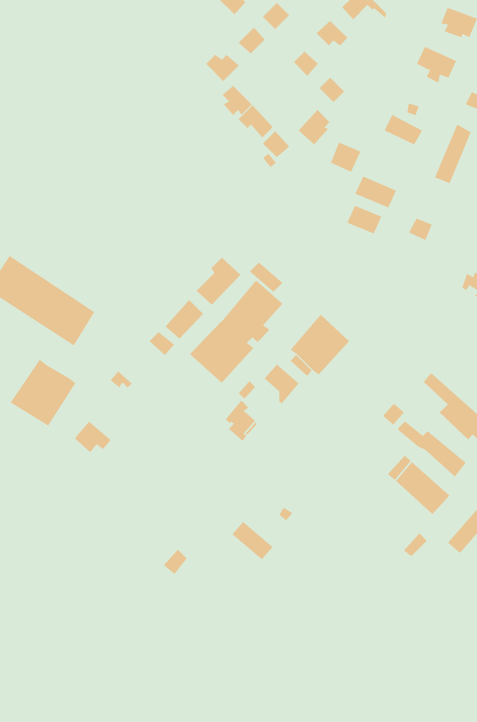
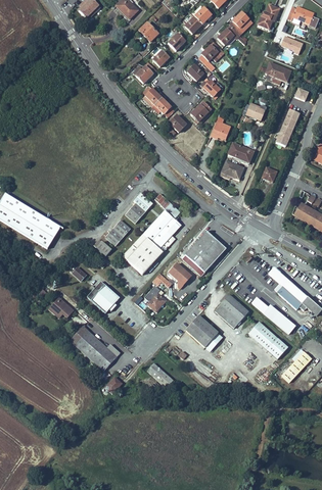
building: [10,359,76,426] -> none
building: none -> [87,280,119,311]
building: none -> [212,292,245,325]
building: none -> [184,314,216,346]
building: none -> [68,325,119,370]

